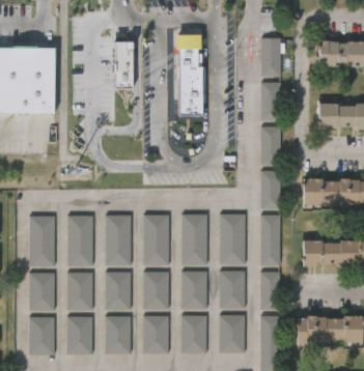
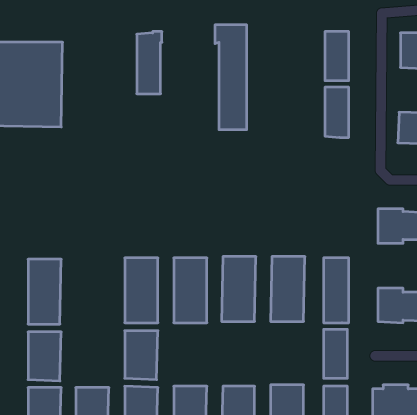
building: [260,126,279,165] -> none
building: [261,171,280,209] -> none
building: [66,216,93,266] -> none
building: [143,272,169,310] -> none
building: [180,272,206,310] -> none
building: [220,272,246,310] -> none
building: [66,273,92,311] -> none

